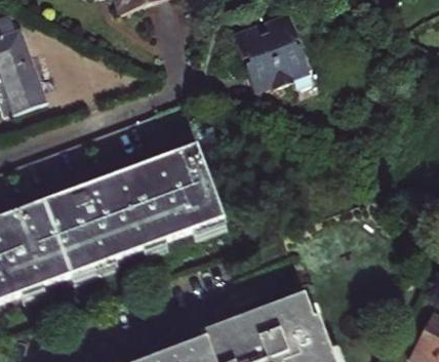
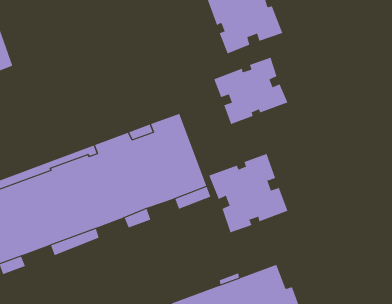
building: none -> [213,57,288,125]
building: none -> [209,153,288,233]

